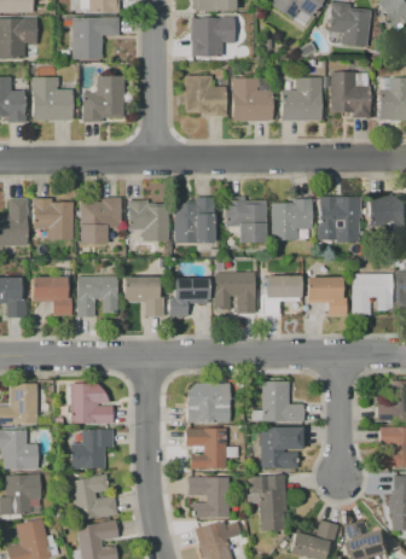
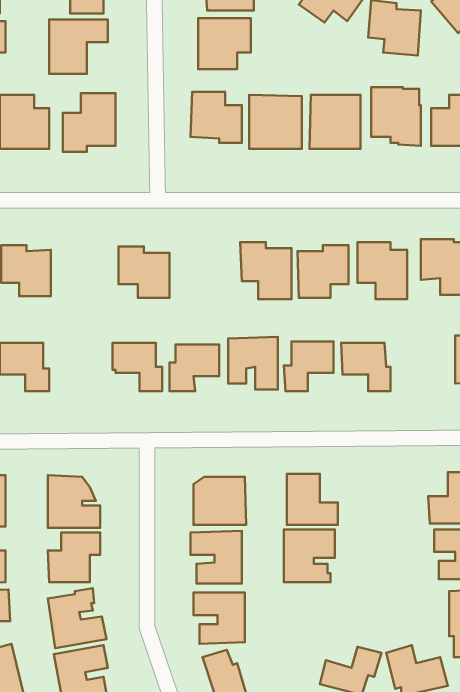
building: [81,197,122,243] -> none
building: [174,197,214,243] -> none
building: [352,273,392,315] -> none
building: [76,276,117,316] -> none
building: [249,474,288,531] -> none

